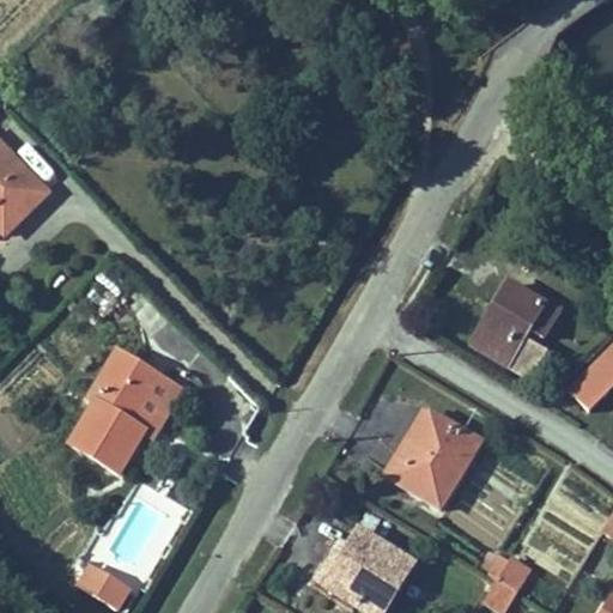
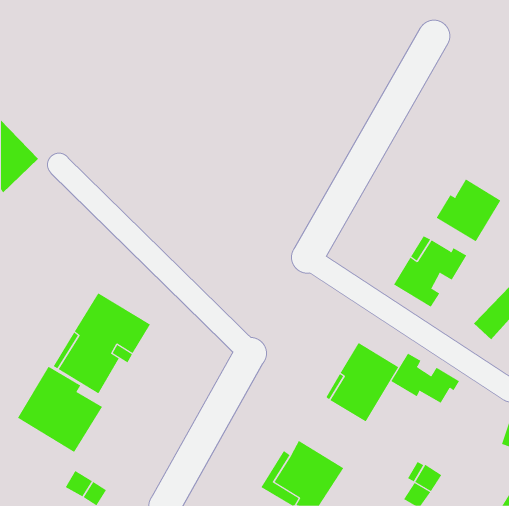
building: none -> [436,179,501,242]
building: none -> [391,353,460,404]
building: none -> [17,366,103,453]

